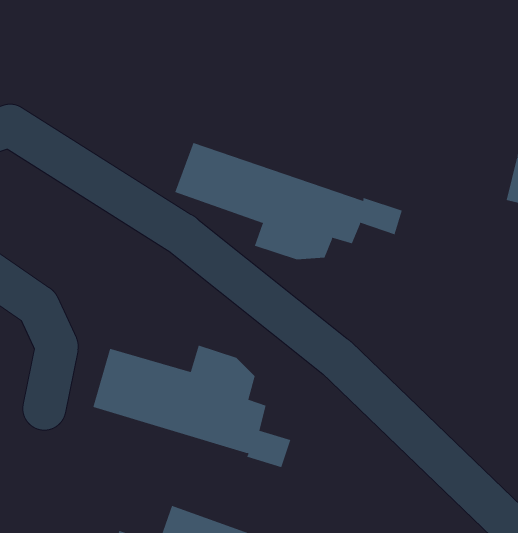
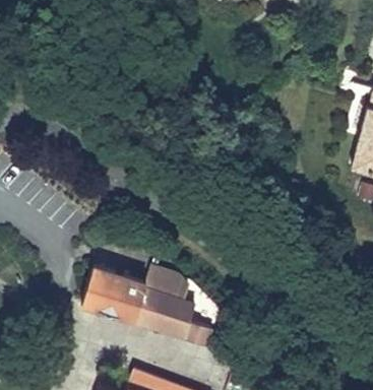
building: [175,142,402,260] -> none

